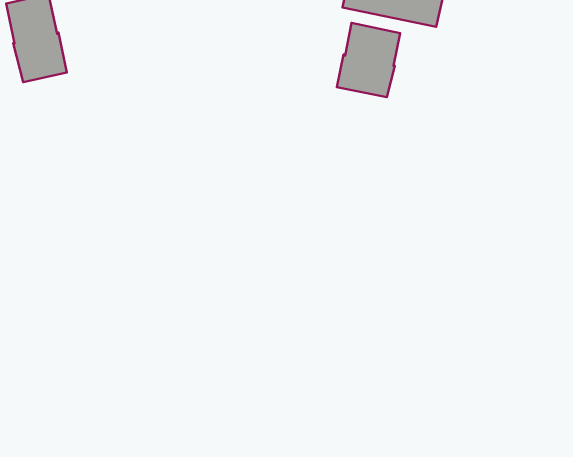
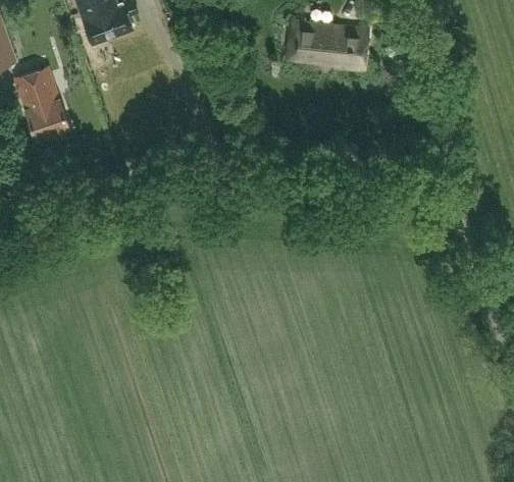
building: [337,23,400,97] -> none

